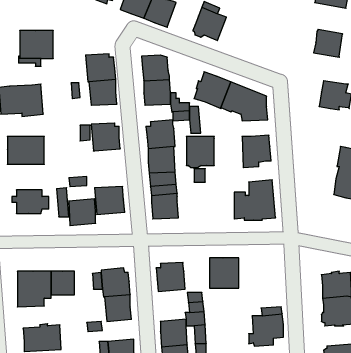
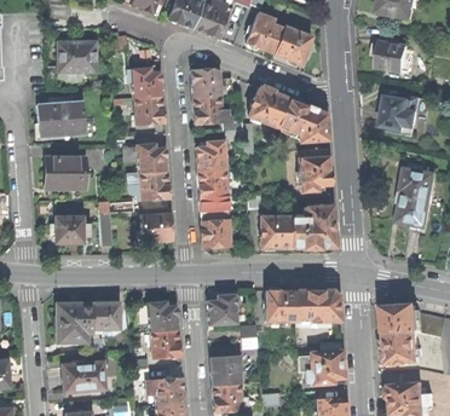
building: none -> [272,25,311,64]
building: [186,136,214,168] -> [260,215,290,249]
building: [69,199,96,226] -> [139,171,168,200]
building: none -> [295,289,340,322]

